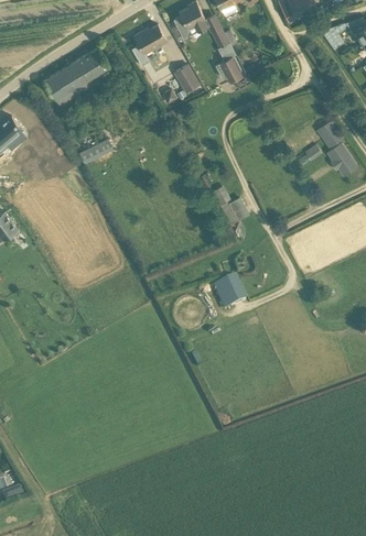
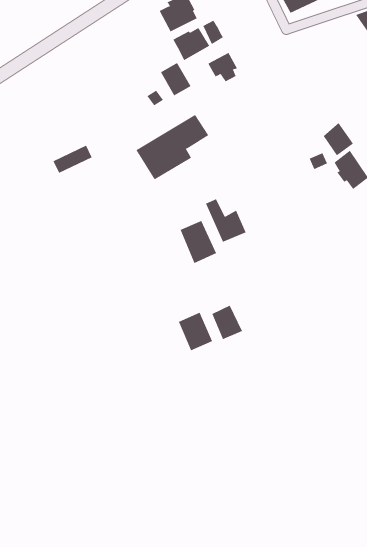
building: [133,25,166,55] -> [173,27,210,61]
building: [43,48,108,107] -> [135,114,209,180]
building: none -> [180,220,217,264]
building: none -> [178,312,213,351]

